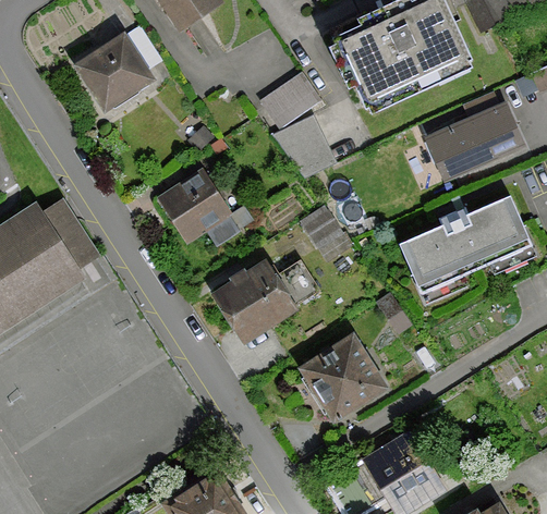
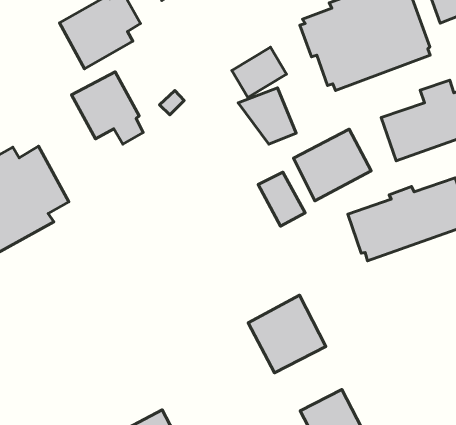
building: none -> [293,129,371,201]
building: [157,169,236,245] -> [71,72,143,144]
building: [211,258,318,343] -> none

